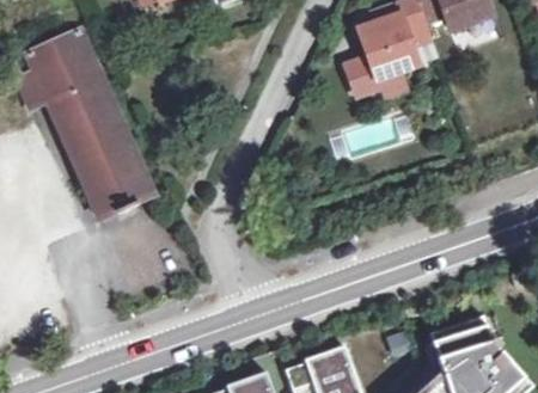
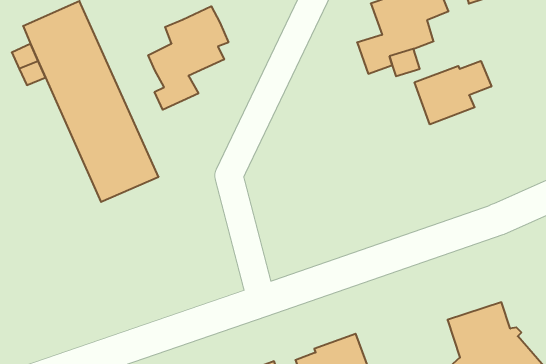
building: none -> [148,6,228,110]
building: none -> [415,61,491,124]

